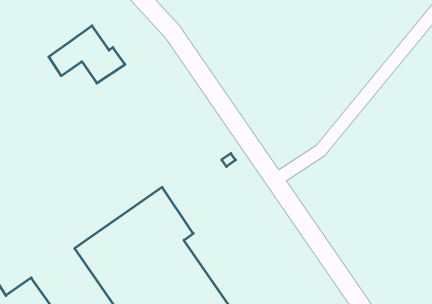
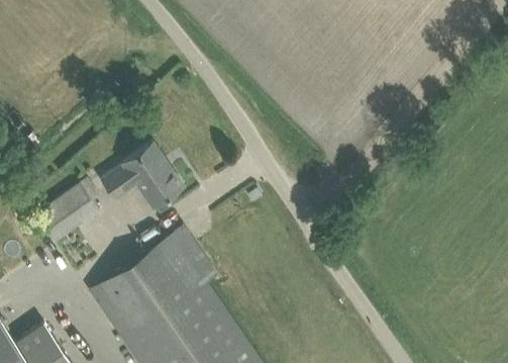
building: [49,26,125,83] -> [102,147,184,208]
building: none -> [34,183,100,244]

